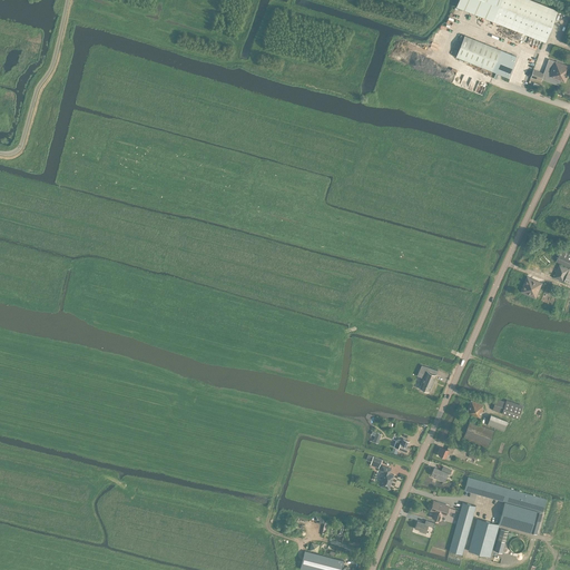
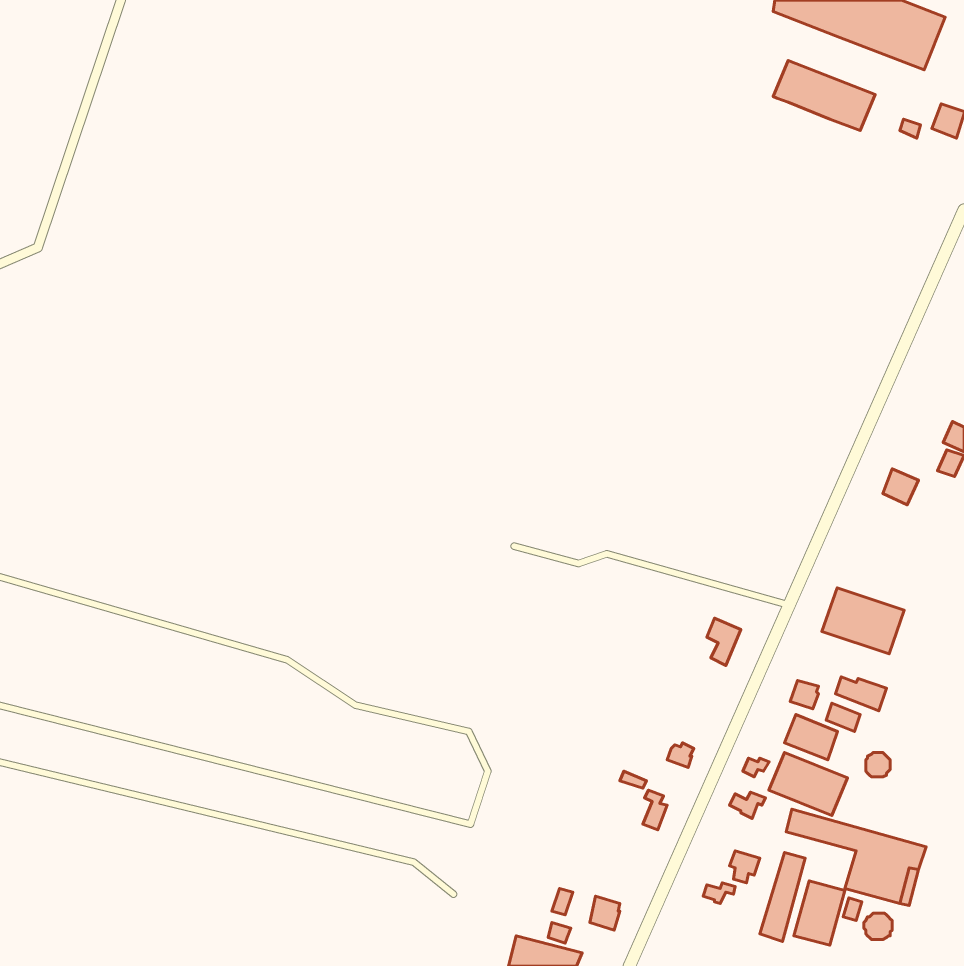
building: none -> [822,588,904,654]
building: none -> [769,753,847,815]

